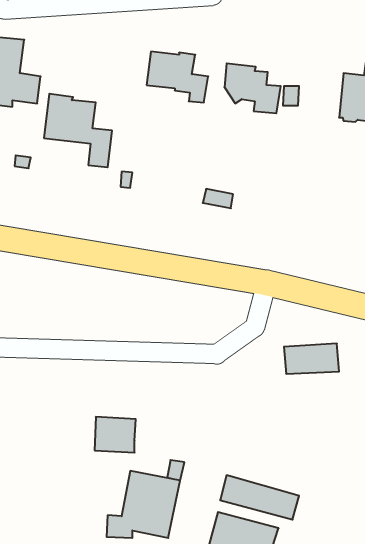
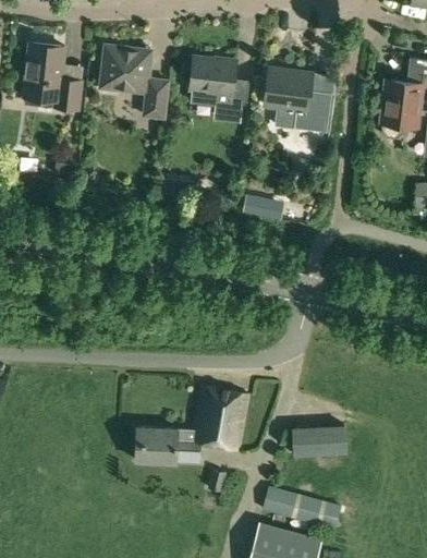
building: [44,94,112,167] -> [100,45,169,119]
building: [284,344,339,374] -> [292,424,347,454]
building: [107,471,180,538] -> [176,384,251,451]

